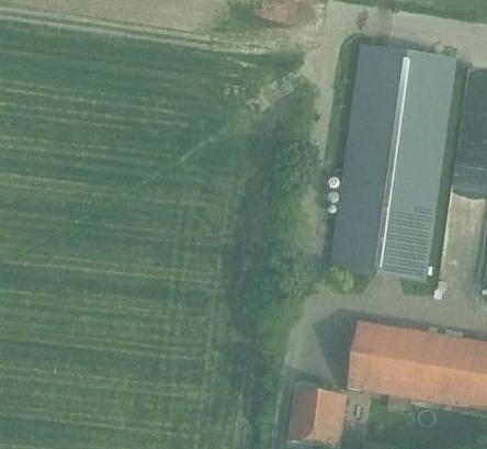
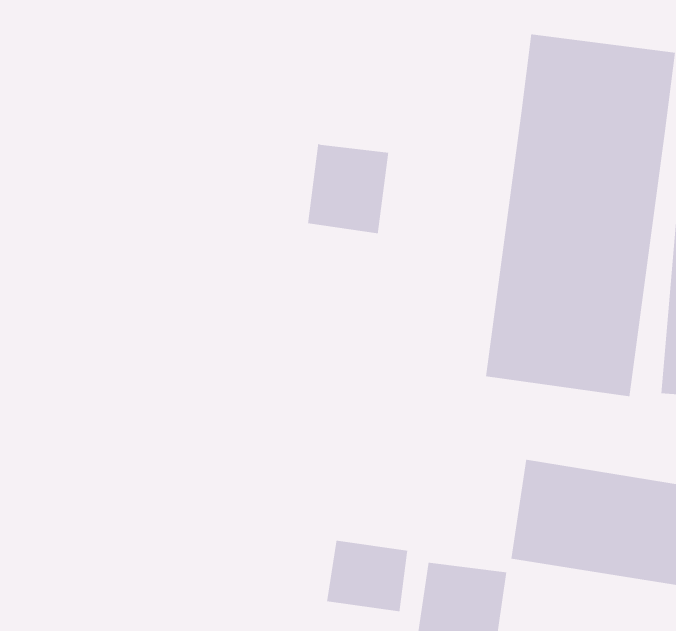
building: none -> [307,143,389,234]
building: none -> [326,540,408,612]

